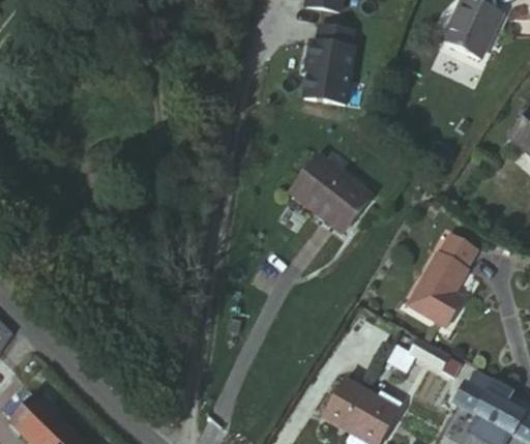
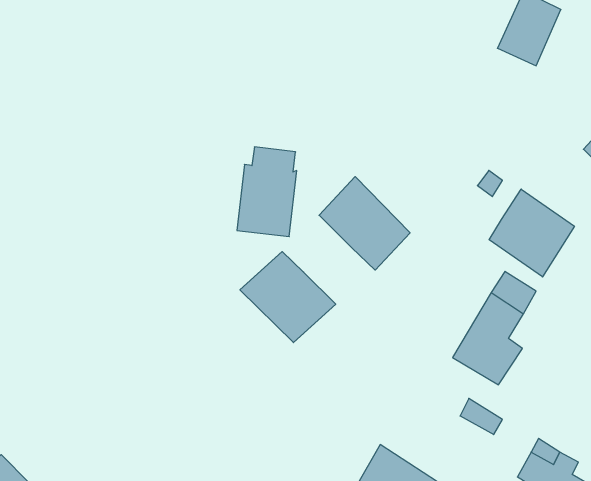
building: [302,35,352,110] -> [237,147,297,237]
building: none -> [489,189,574,277]
building: none -> [240,252,336,343]

